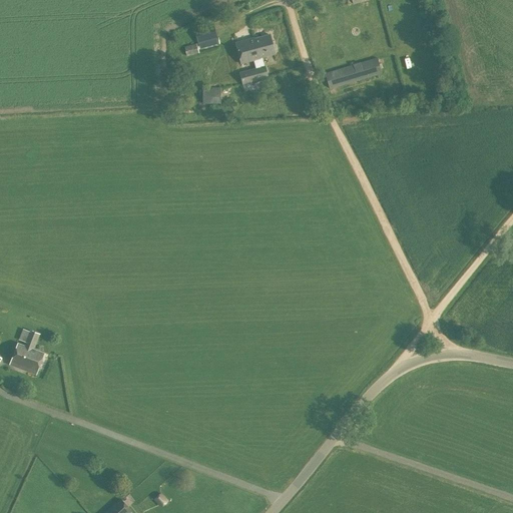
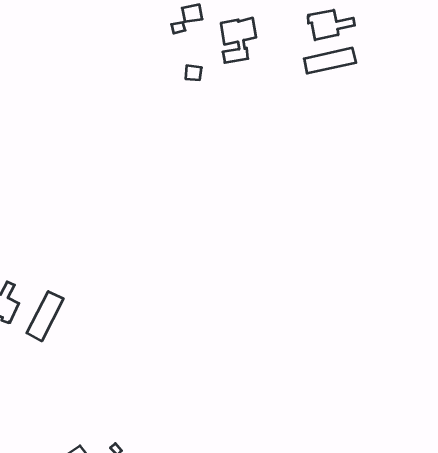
building: none -> [308,10,355,40]
building: none -> [27,291,63,341]

